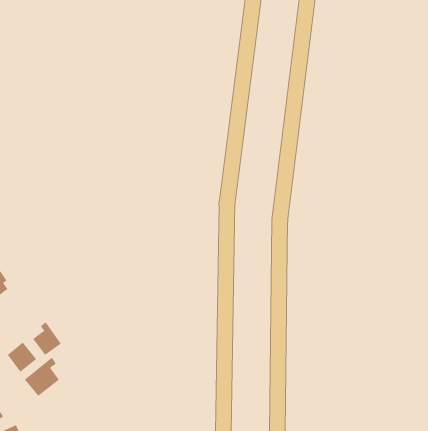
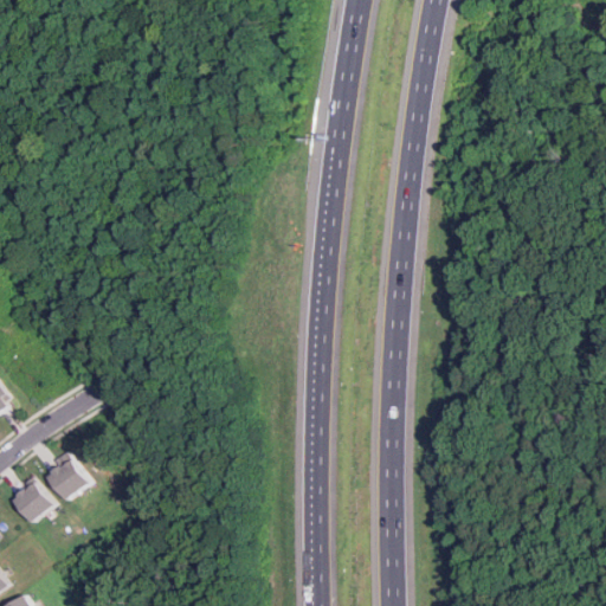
building: [24,357,60,397] -> none

